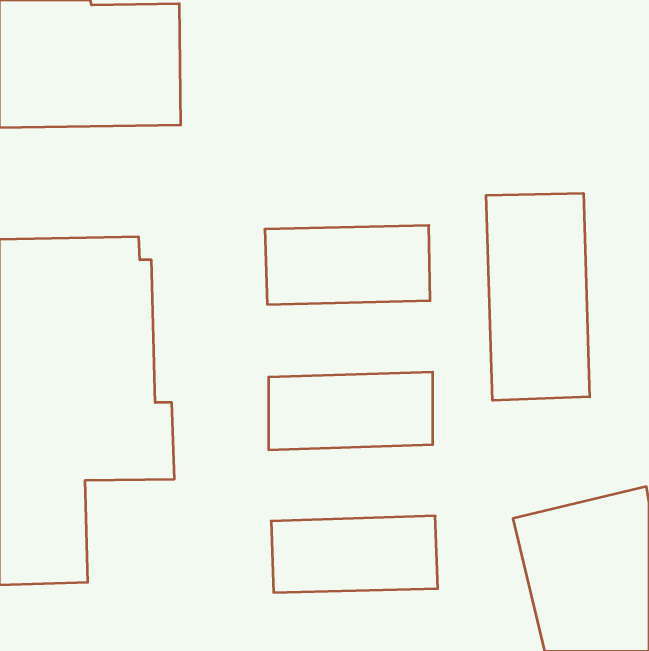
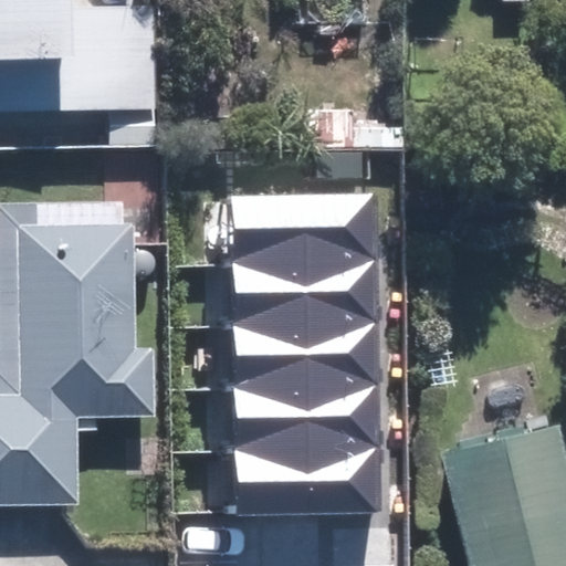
building: [486,193,590,400] -> none
building: none -> [232,261,376,327]
building: none -> [233,386,378,452]

